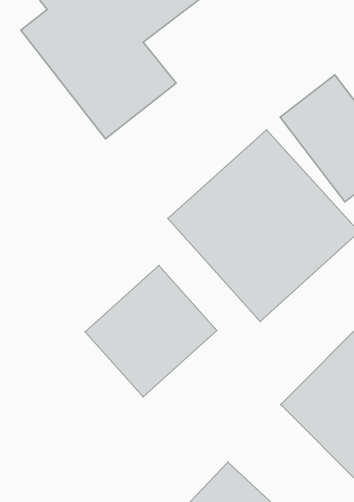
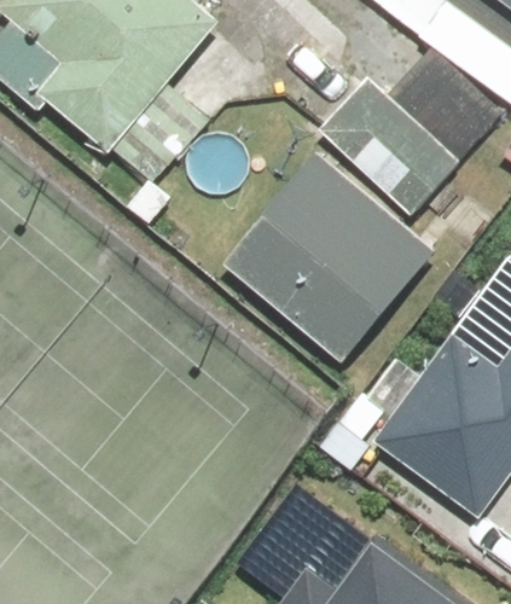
building: [85,266,217,397] -> none

